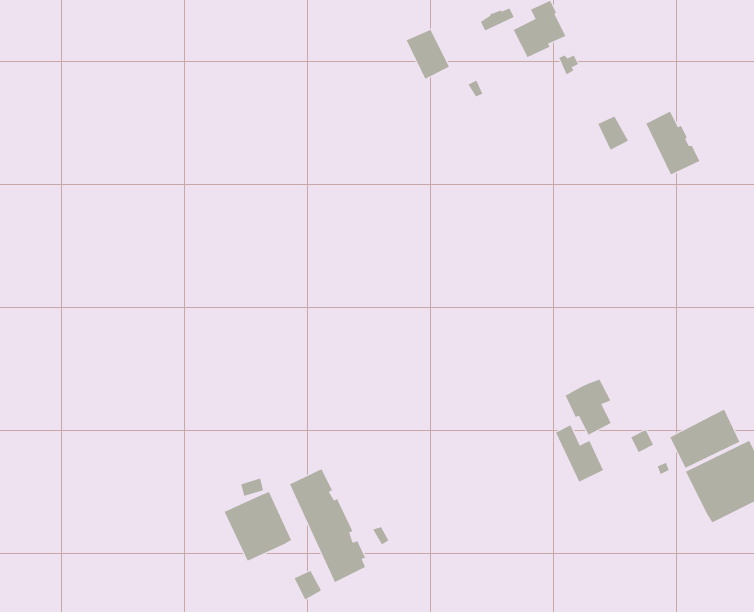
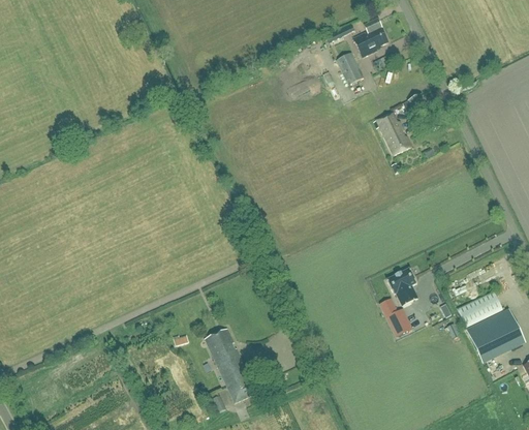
building: [406,29,450,79] -> [335,52,364,85]
building: [645,111,700,175] -> [375,112,411,154]
building: [224,491,292,561] -> none

